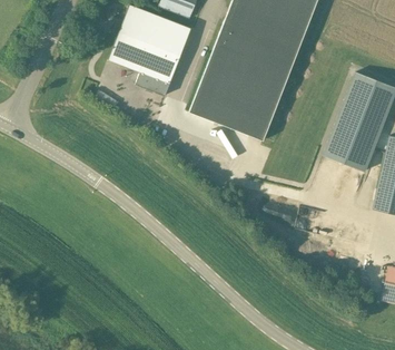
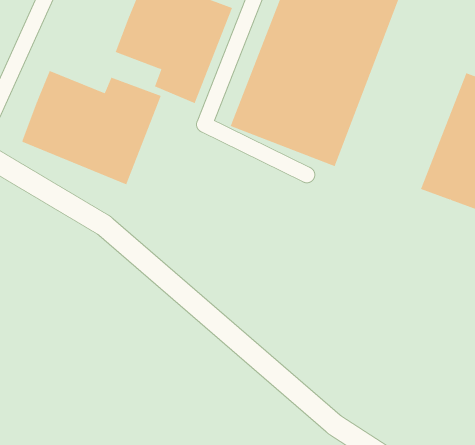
building: none -> [21,70,162,185]

